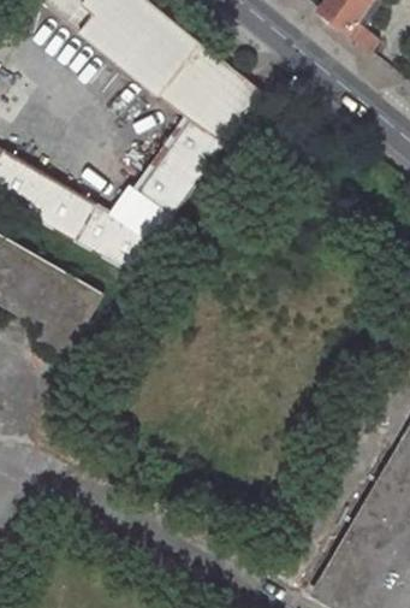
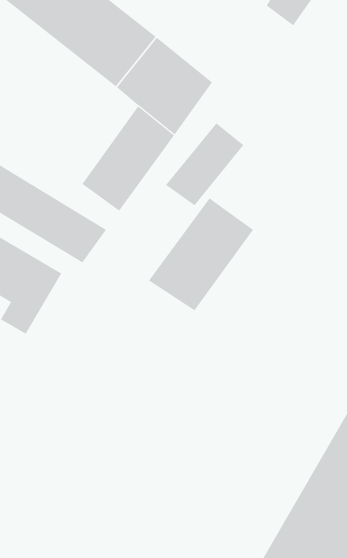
building: none -> [165,122,244,206]
building: none -> [148,197,254,311]

